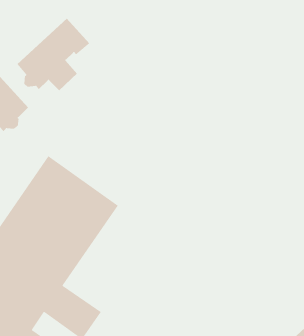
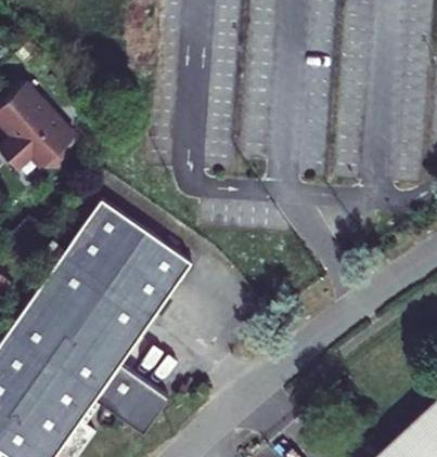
building: [17,18,90,91] -> none

